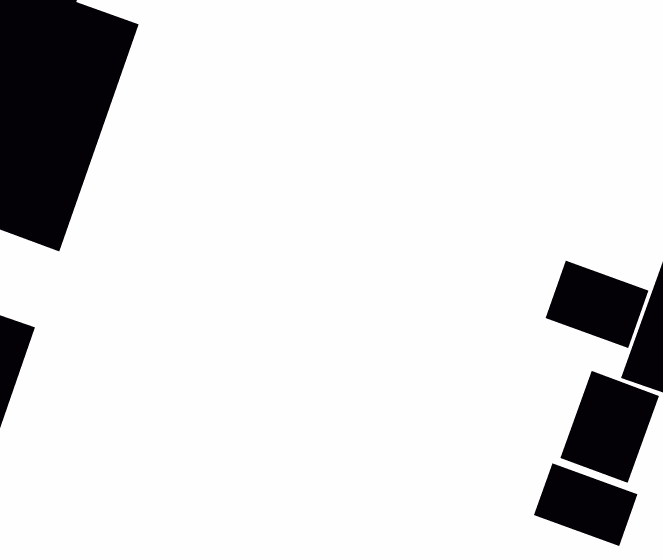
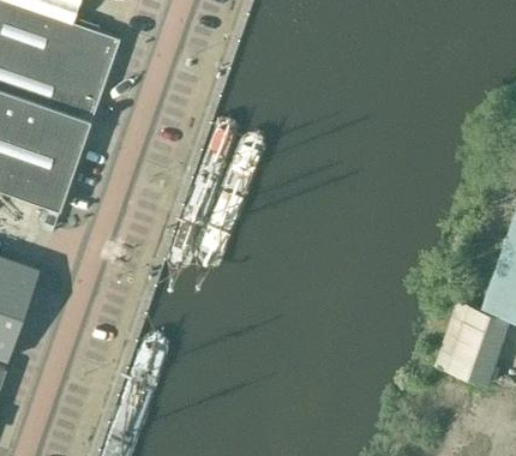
building: [545,260,649,349] -> none
building: [533,462,638,547] -> none

